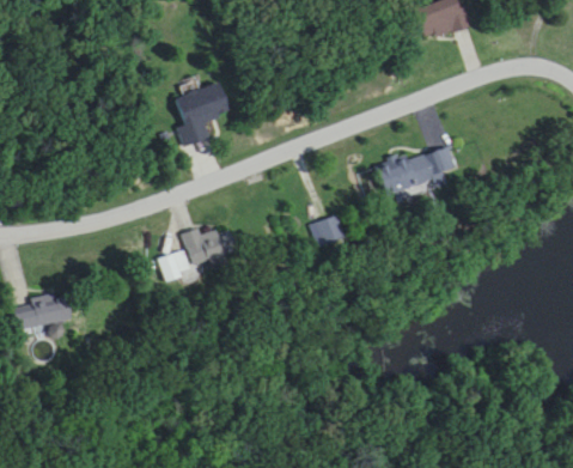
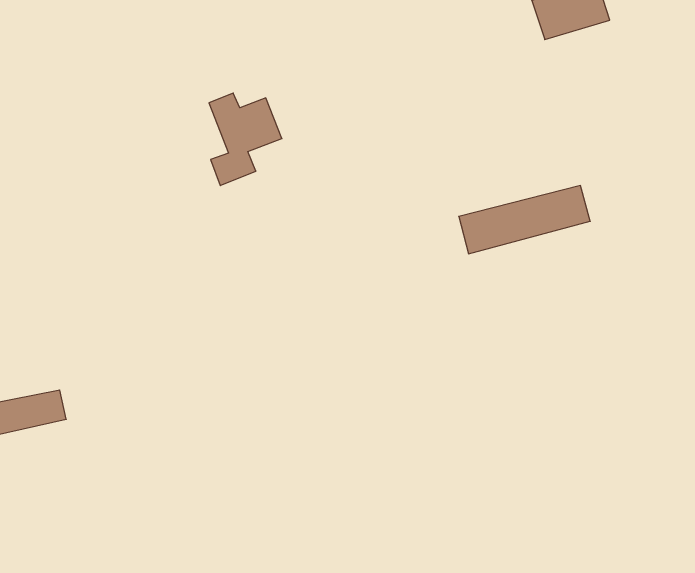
building: [311,214,343,247] -> none
building: [158,225,236,282] -> none

